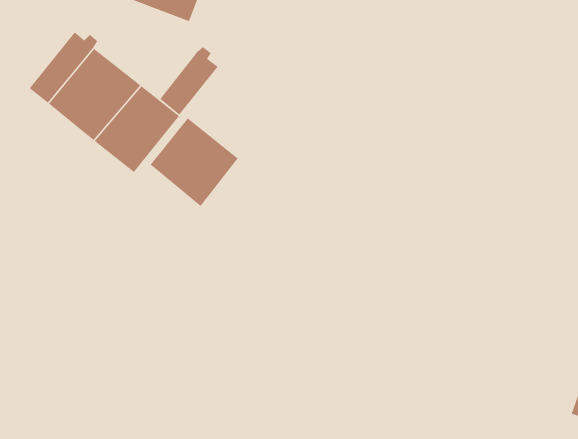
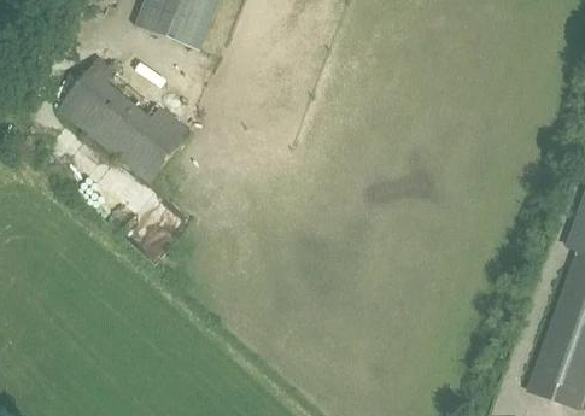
building: [159,46,218,115] -> none
building: [150,117,238,207] -> none

